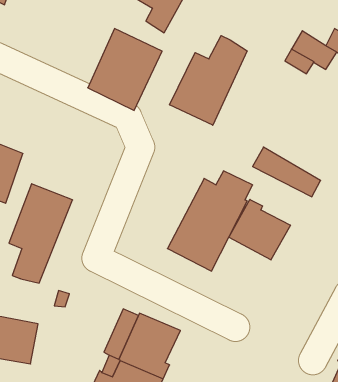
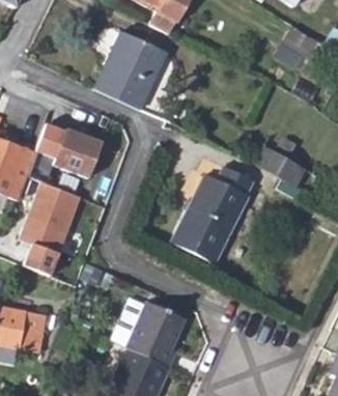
building: [170,36,247,125] -> none
building: none -> [54,129,105,178]
building: [229,199,290,260] -> none

